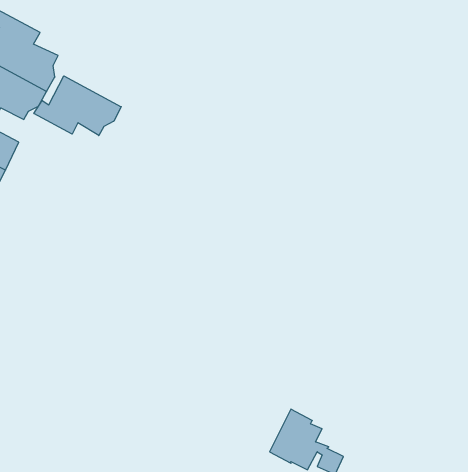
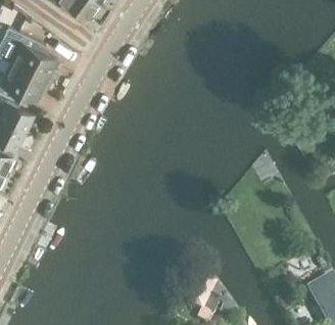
building: [34,76,121,136] -> none

